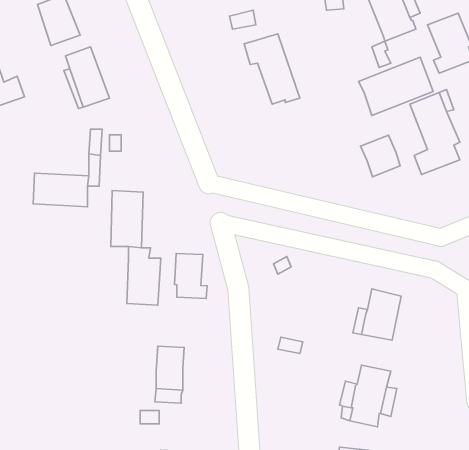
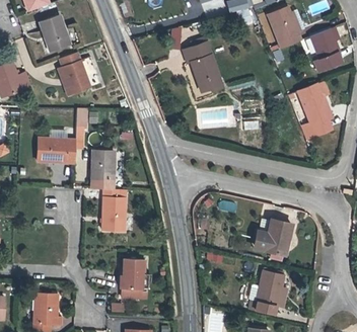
building: [359,57,433,116] -> none
building: [361,135,400,177] -> none
building: [174,253,207,298] -> none
building: none -> [34,294,62,325]

